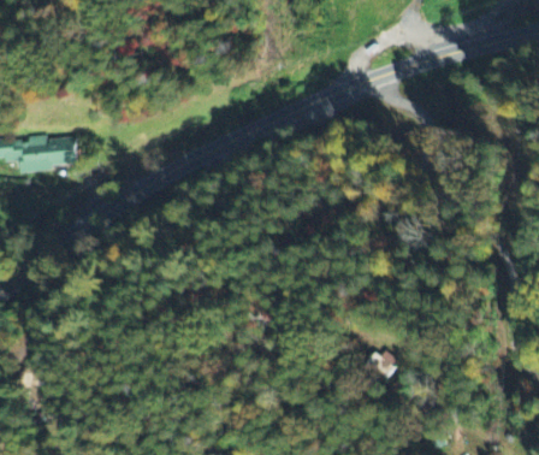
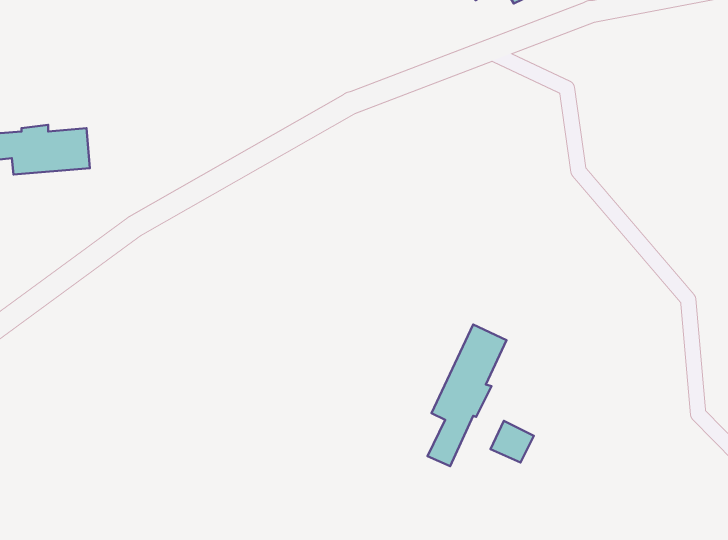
building: none -> [427,324,507,466]

